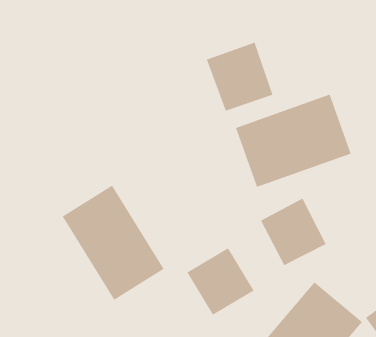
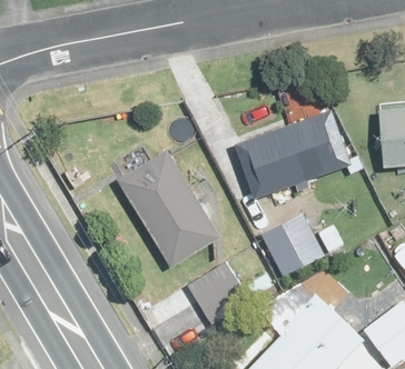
building: [206,42,273,112] -> none
building: [62,185,165,300] -> [119,153,220,267]

